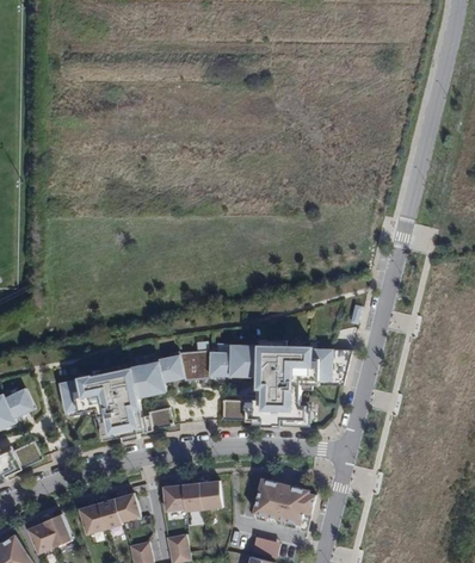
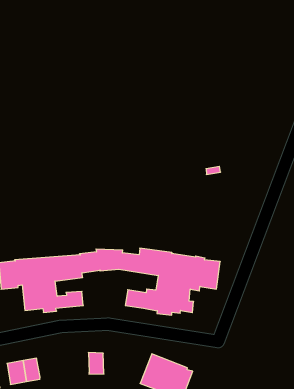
building: [201,481,224,509] -> none
building: [161,484,185,512] -> none
building: [116,494,142,522] -> none

